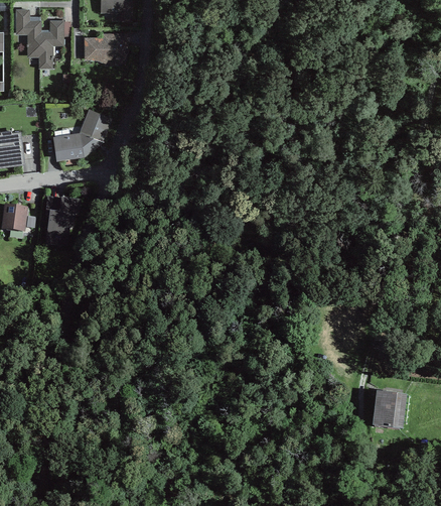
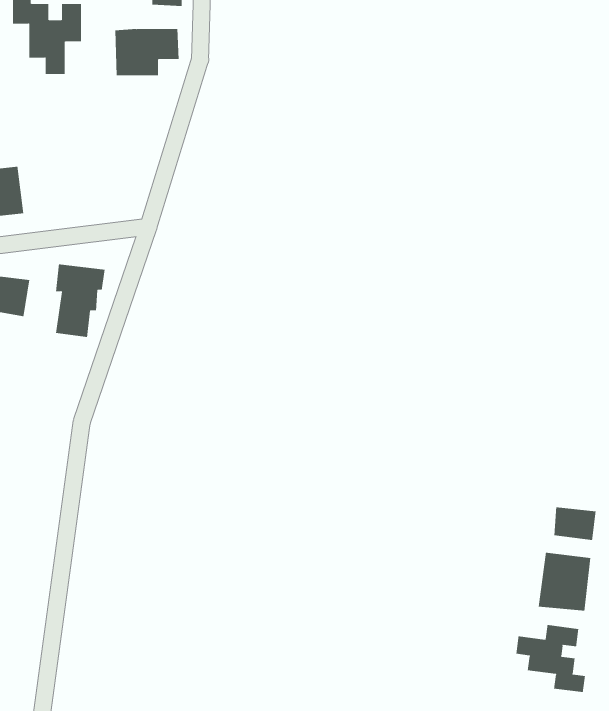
building: [51,107,111,157] -> none
building: none -> [554,507,596,541]
building: none -> [516,624,585,693]

